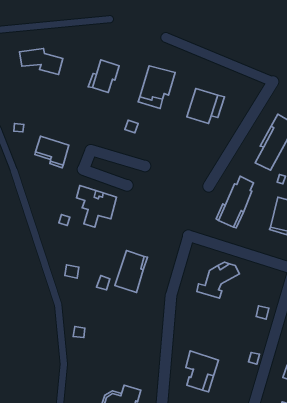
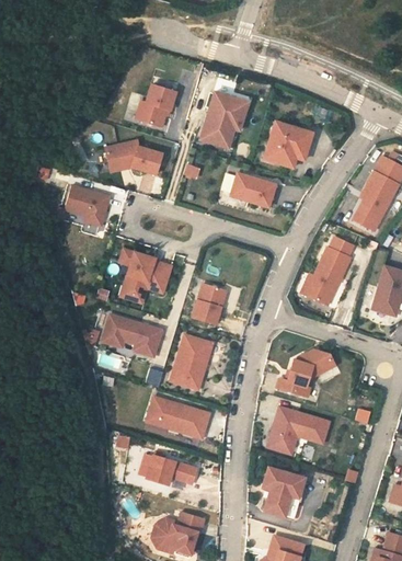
building: [19,49,63,74] -> [104,140,161,174]
building: none -> [231,172,276,207]
building: none -> [193,284,223,324]
building: none -> [101,314,162,357]
building: none -> [147,397,209,438]
building: none -> [271,407,329,451]
building: none -> [147,455,197,484]

